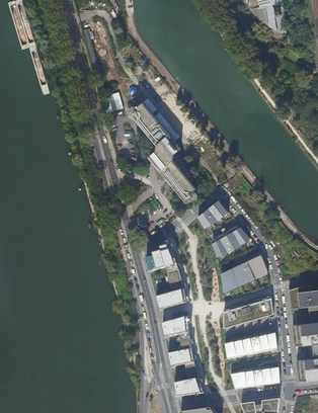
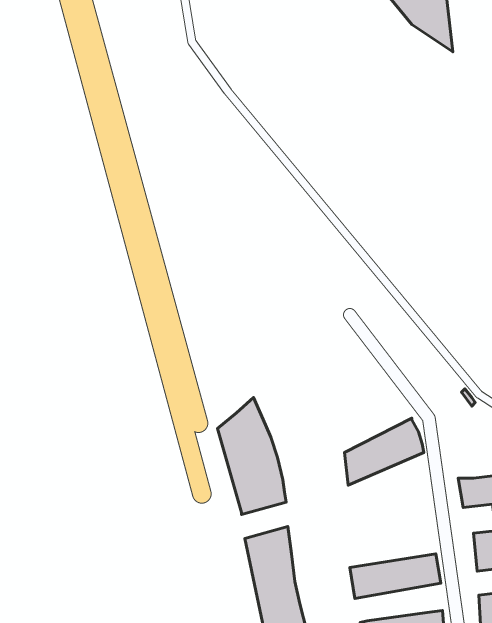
building: [134,103,197,204] -> none
building: [197,199,229,228] -> none
building: [212,227,249,257] -> none
building: [224,298,273,328] -> none

